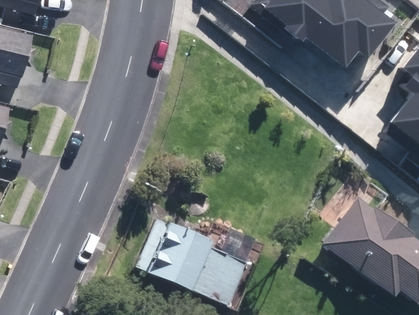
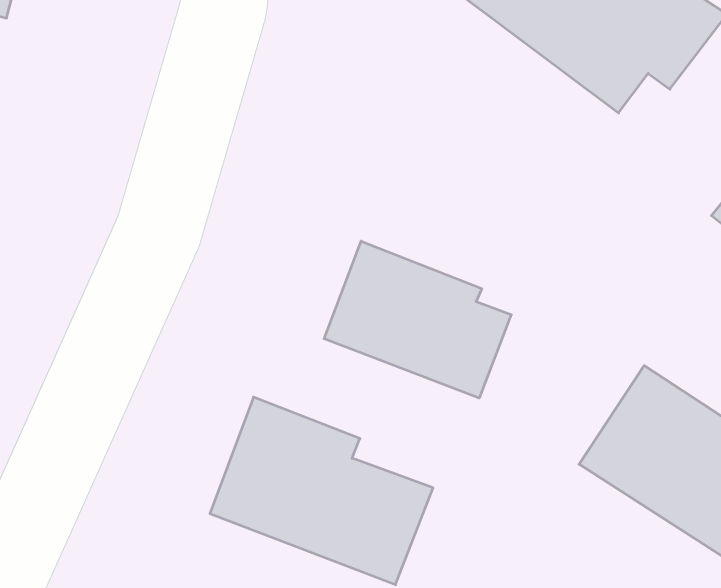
building: none -> [324,241,511,398]

